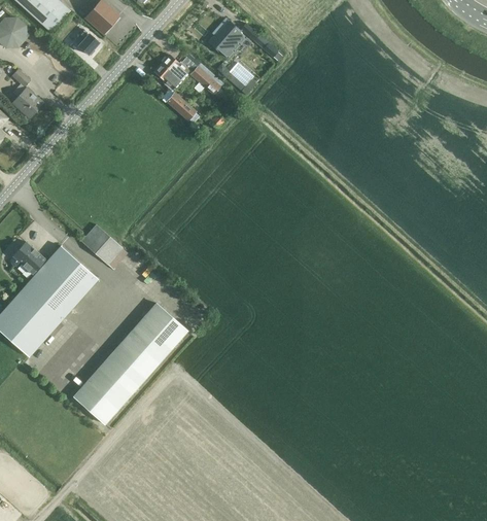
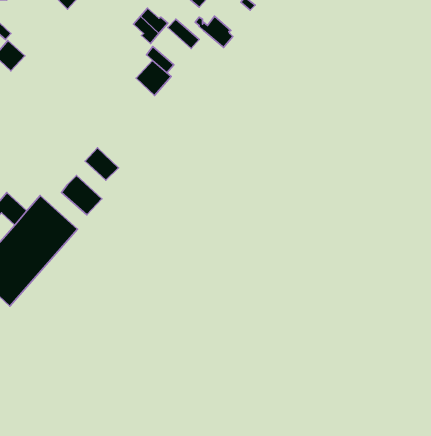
building: none -> [136,61,171,95]
building: none -> [85,148,118,180]
building: [73,303,187,424] -> none

